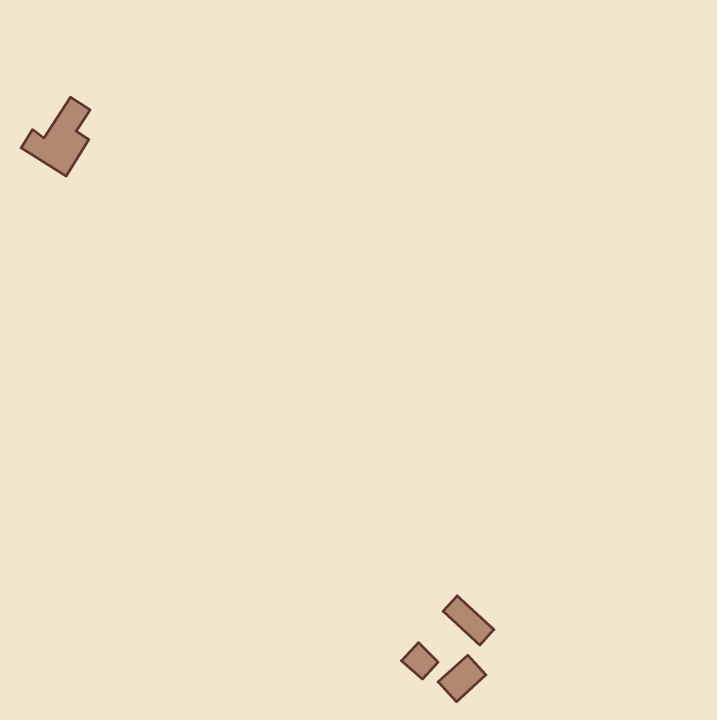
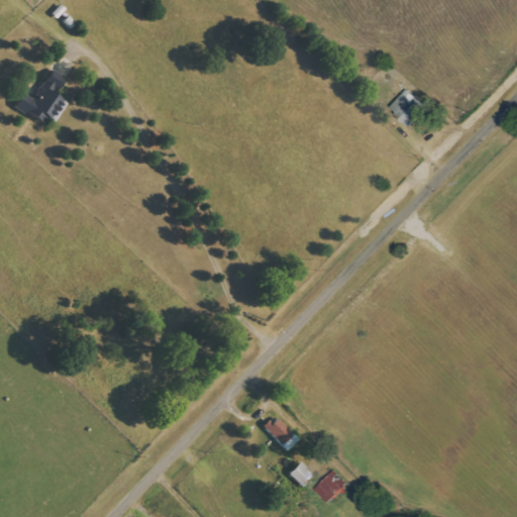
building: none -> [390,89,427,126]
building: [443,596,494,645] -> [262,415,298,450]

